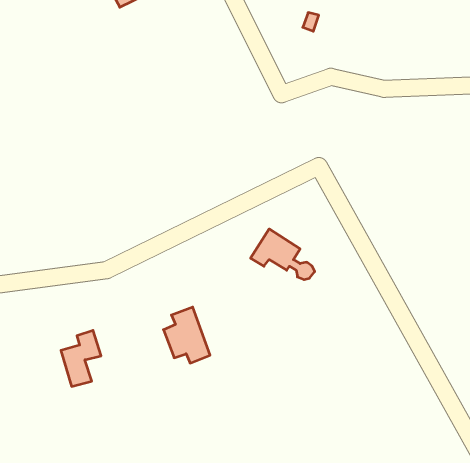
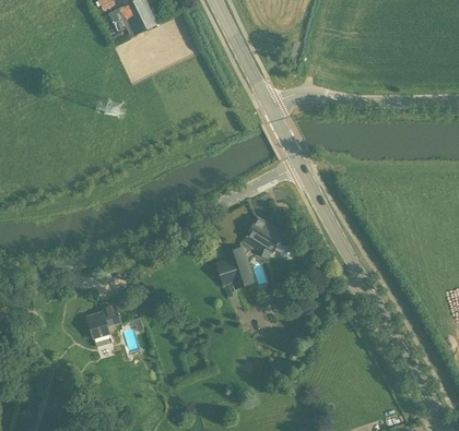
building: [163,307,210,363] -> [213,244,251,290]

